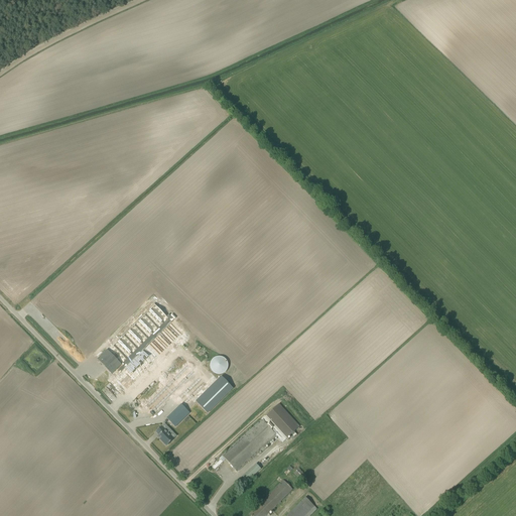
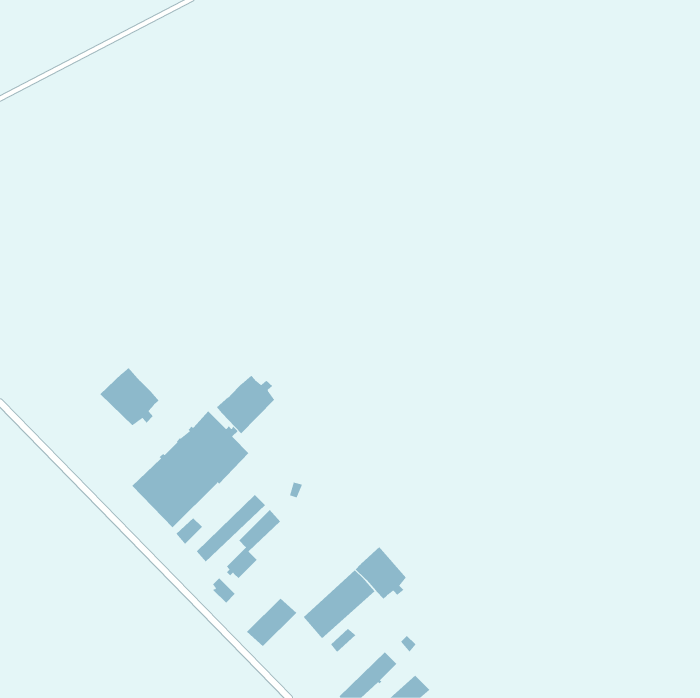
building: none -> [100,367,160,426]
building: none -> [216,375,275,434]
building: [196,376,233,412] -> [246,598,297,647]

